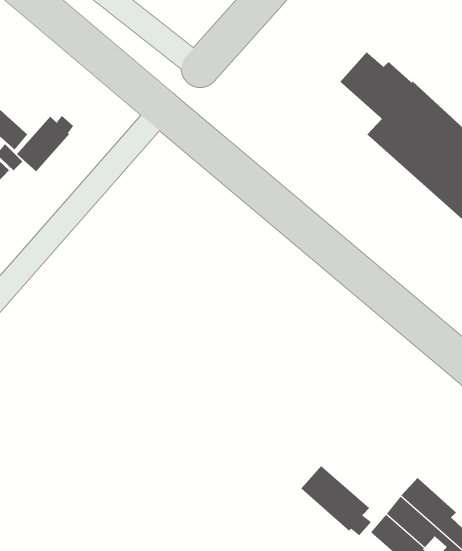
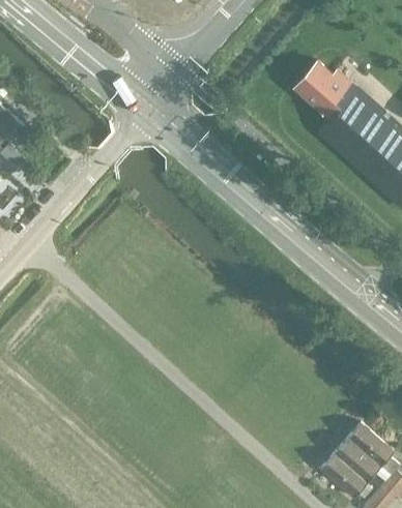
building: [16,115,74,172] -> none
building: [301,465,372,536] -> none

